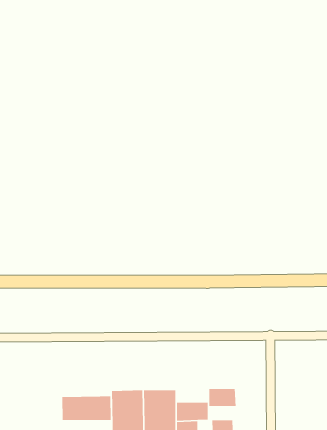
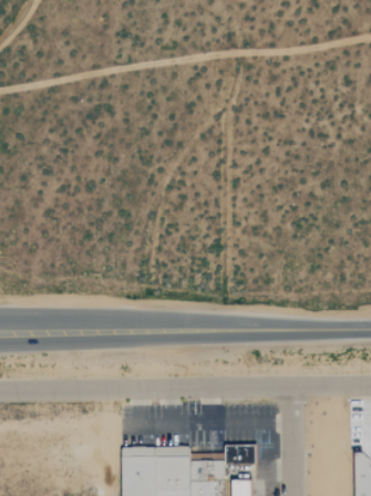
building: [61,396,112,421] -> none

